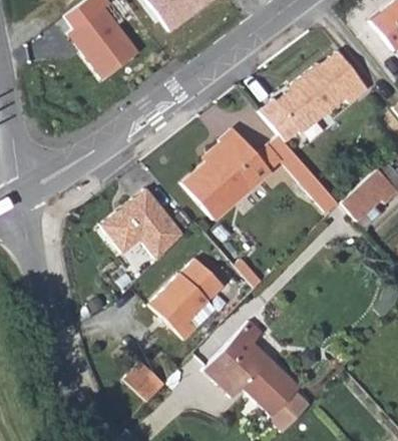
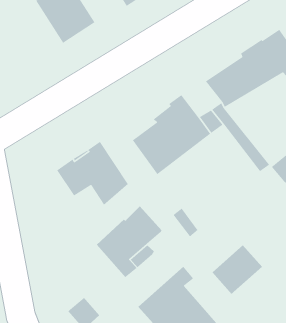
building: none -> [211,244,263,295]

